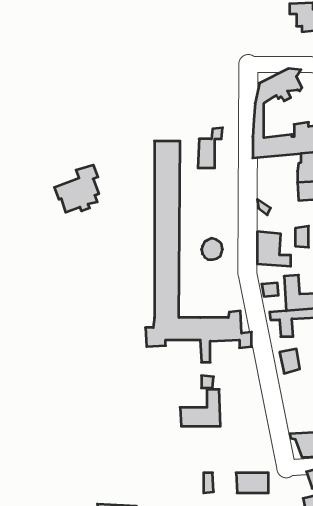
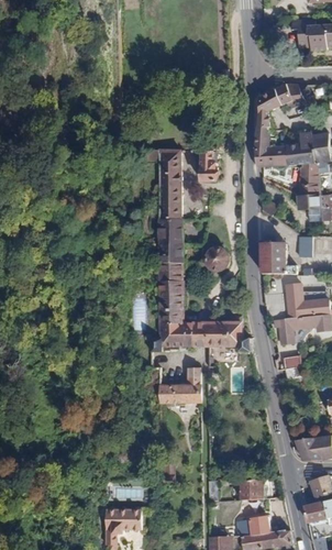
building: [54,165,99,212] -> none
building: [180,389,220,426] -> [161,367,200,404]

